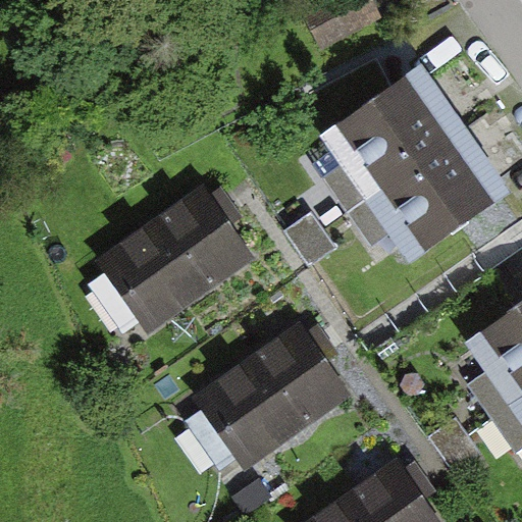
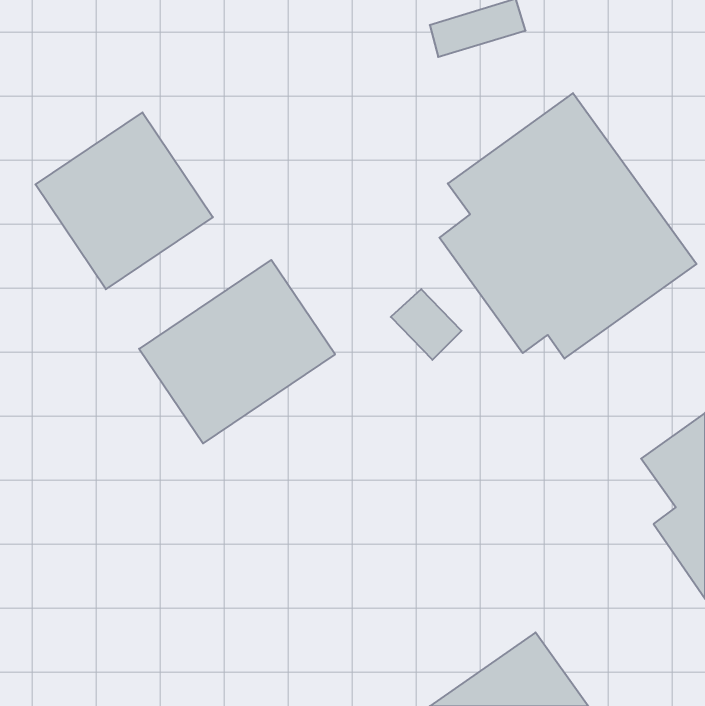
building: none -> [35,112,213,289]
building: [202,326,348,464] -> none

